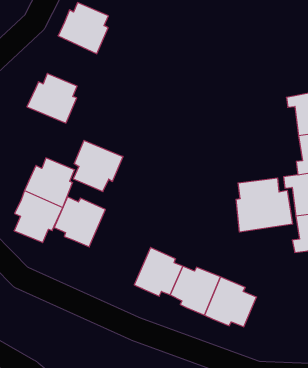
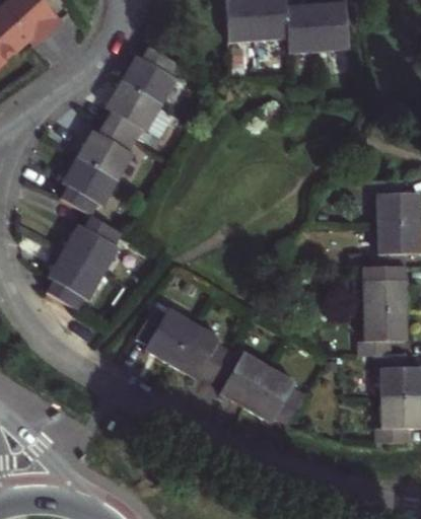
building: none -> [107,77,164,136]
building: [73,140,123,192] -> [62,152,121,212]
building: [236,178,293,232] -> none
building: [54,197,105,247] -> [138,307,198,366]

